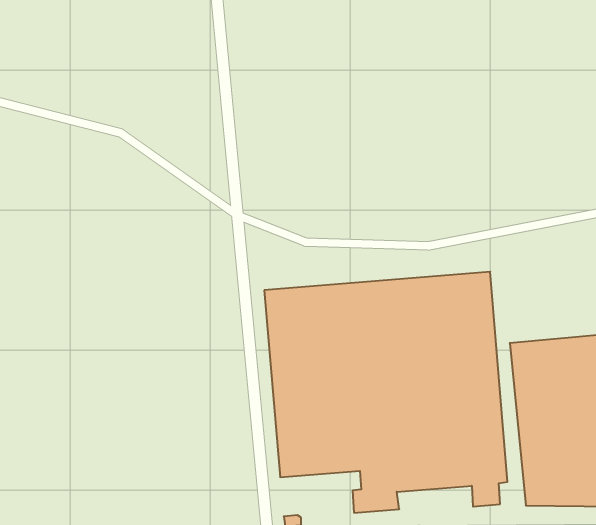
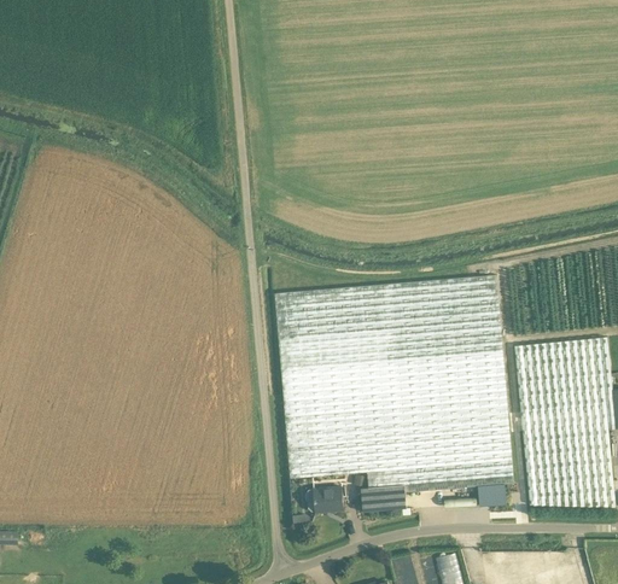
building: none -> [305,487,344,513]

